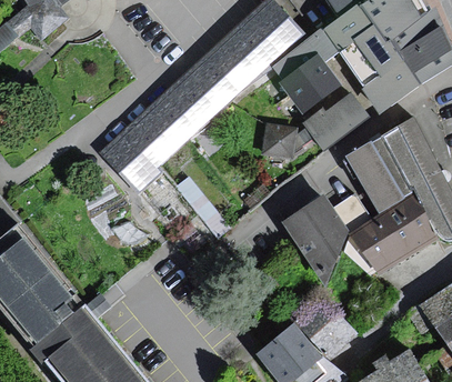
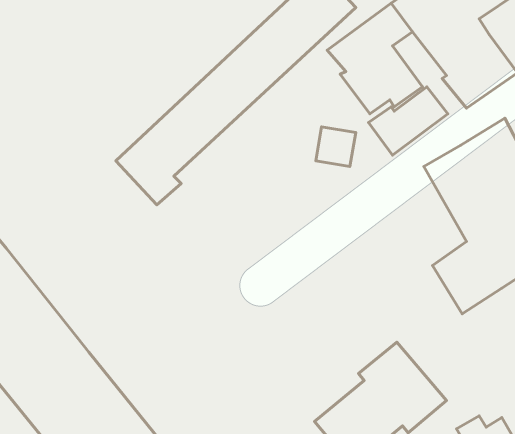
building: [281,195,365,282] -> none

